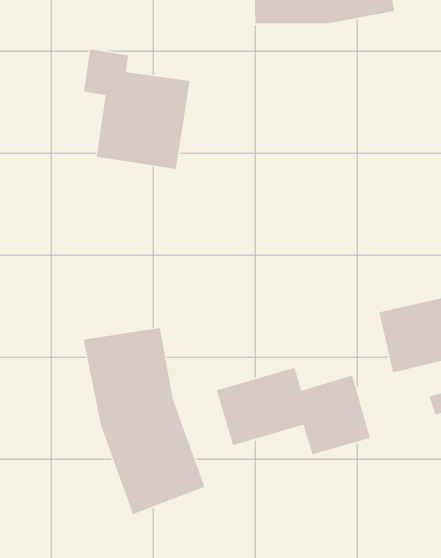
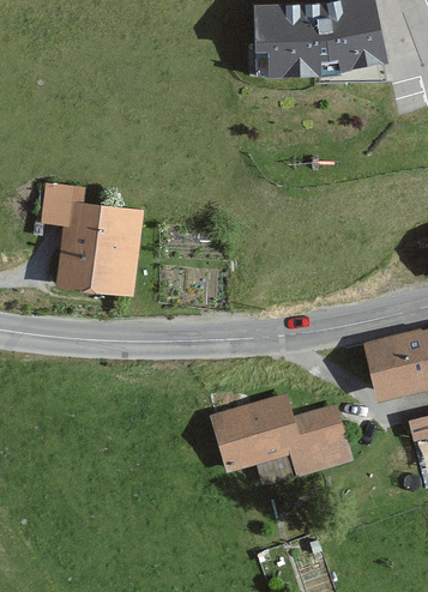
building: [83,48,191,170] -> [43,183,144,297]
building: [83,327,206,515] -> none

